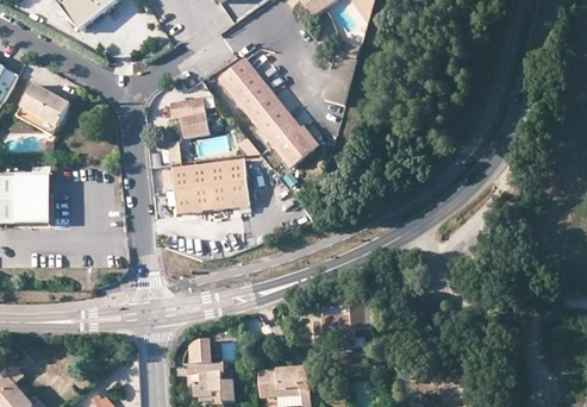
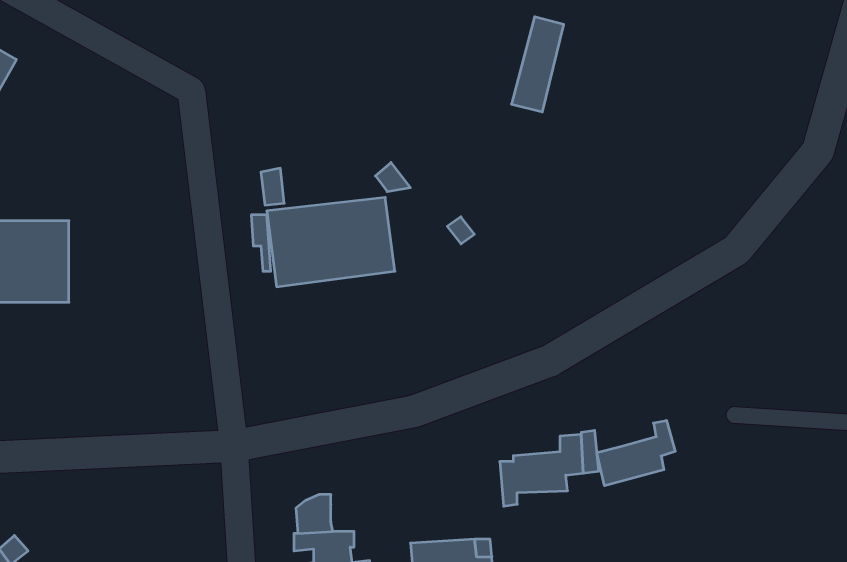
building: [219,58,314,167] -> none
building: [15,83,68,134] -> none
building: [170,98,207,136] -> none
building: none -> [597,420,675,486]

